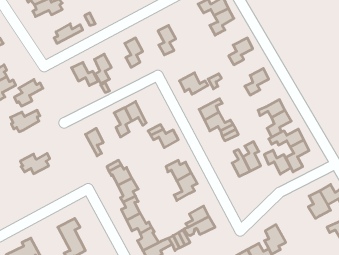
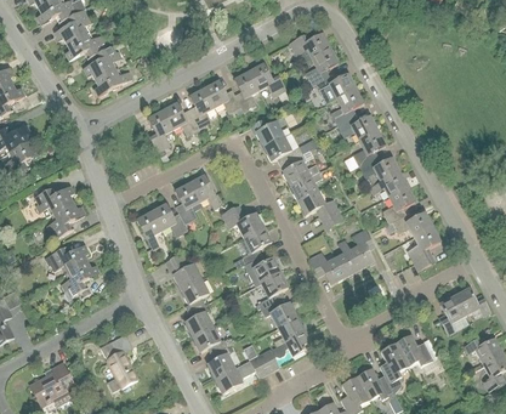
building: none -> [83,46,121,80]
building: none -> [249,63,285,96]
building: none -> [315,74,356,98]
building: none -> [204,80,240,113]
building: none -> [337,117,377,140]
building: none -> [251,118,291,147]
building: [71,62,98,86] -> [161,103,198,135]
building: [14,79,43,106] -> [46,202,85,238]
building: none -> [282,153,318,186]
building: none -> [359,158,399,186]
building: none -> [150,204,187,237]
building: none -> [241,227,271,263]
building: [264,150,291,174] -> [308,253,345,285]
building: none -> [59,262,98,297]
building: none -> [260,296,296,328]
building: none -> [394,334,433,367]

